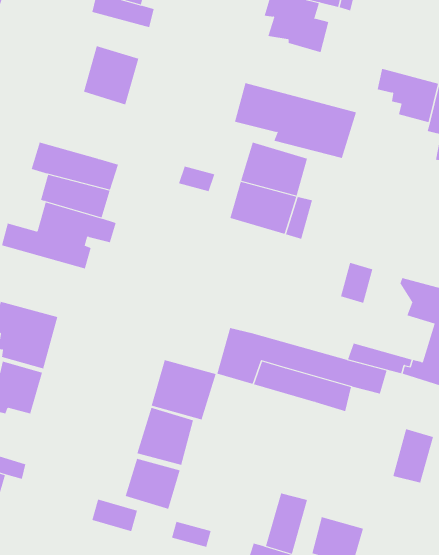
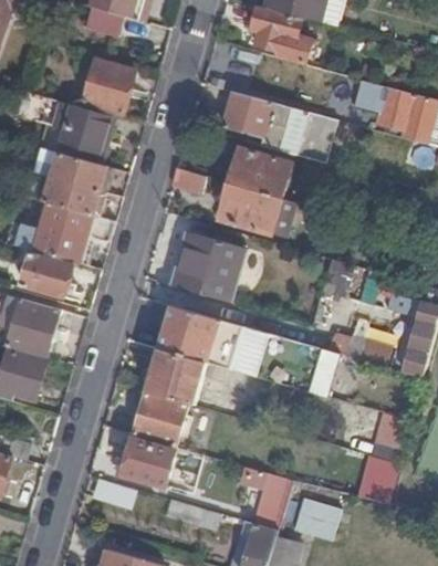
building: none -> [39,98,111,163]
building: none -> [171,232,246,302]
building: none -> [23,254,72,296]
building: none -> [158,306,219,363]
building: none -> [359,458,397,503]

